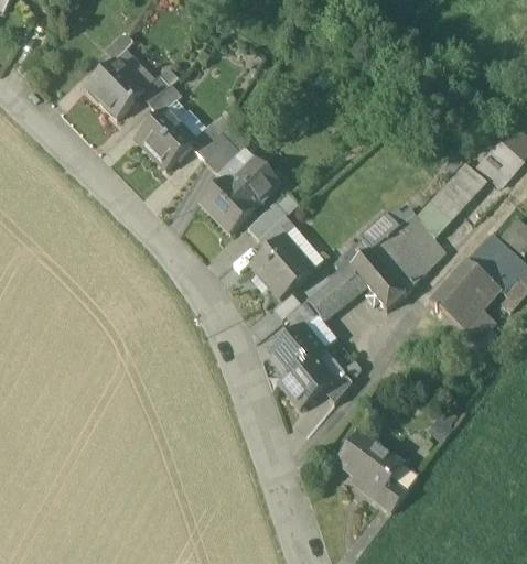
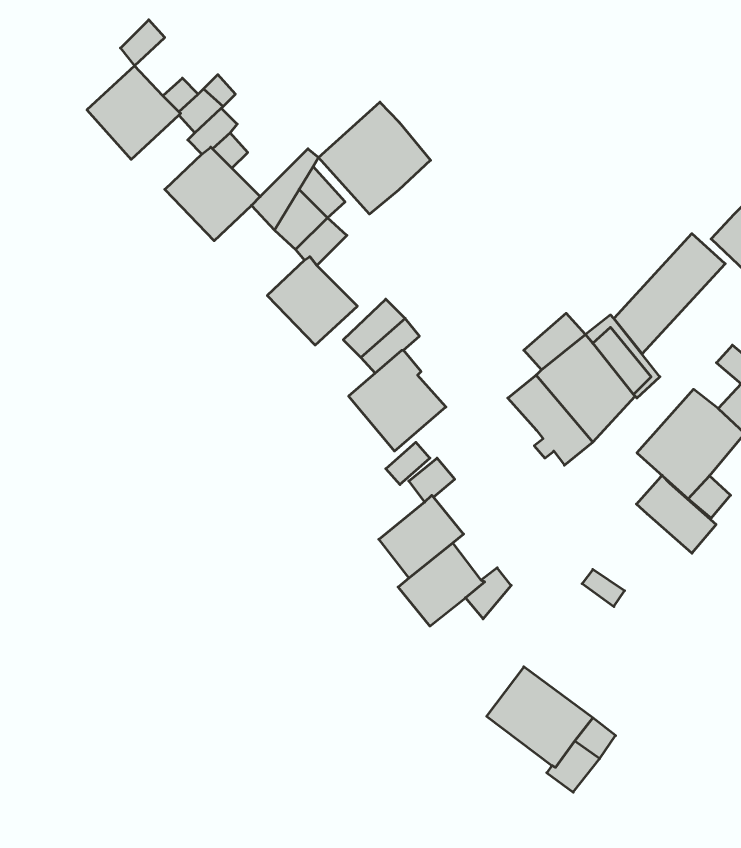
building: none -> [319,102,431,214]
building: [232,159,279,206] -> none
building: [309,264,368,319] -> none
building: none -> [636,475,716,553]

